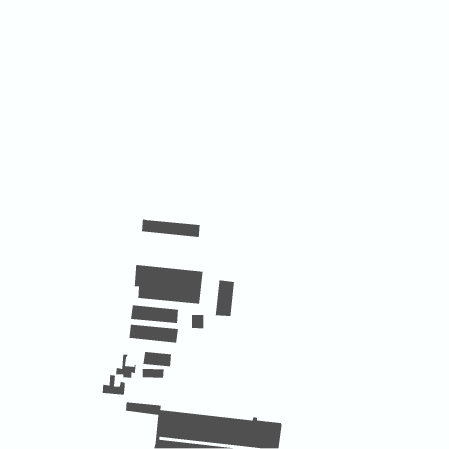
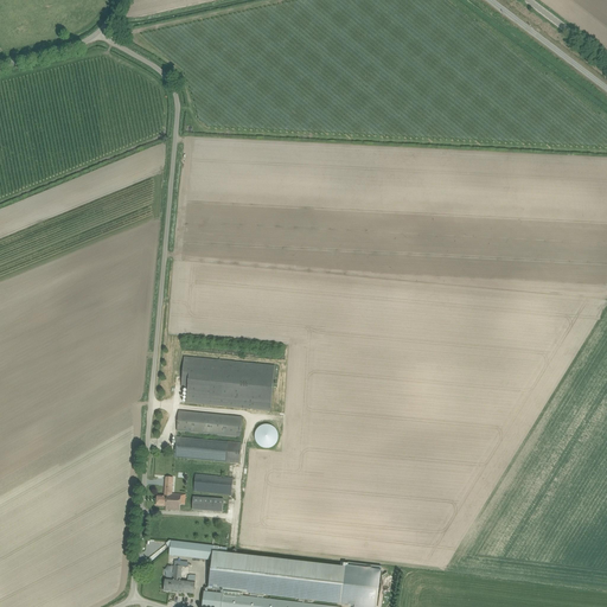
building: [141,219,201,238] -> none
building: [215,280,235,317] -> none
building: [102,374,125,395] -> [162,564,194,593]

